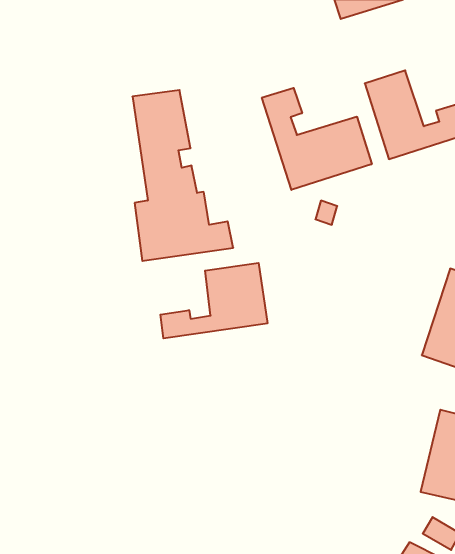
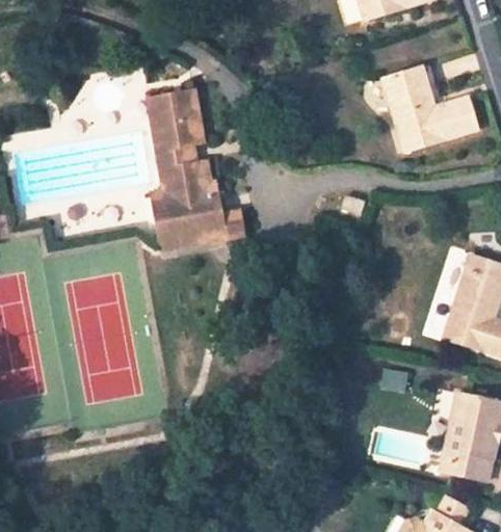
building: [262,88,372,190] -> none
building: [160,263,267,338] -> none

